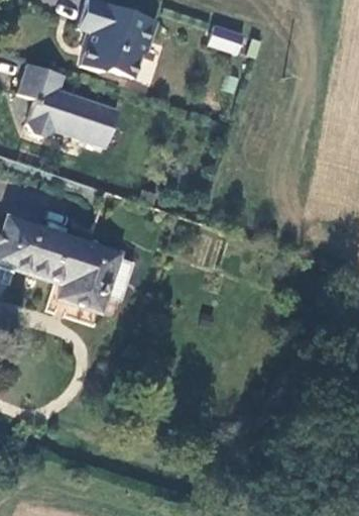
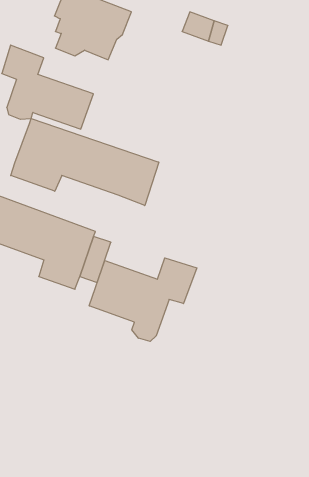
building: none -> [11,118,159,206]
building: none -> [89,258,197,341]

